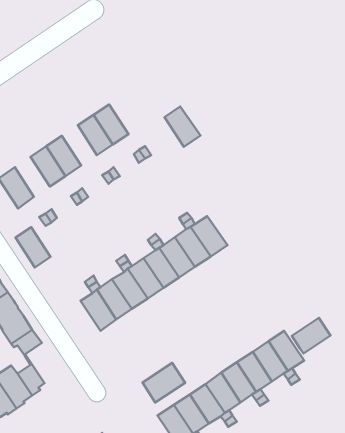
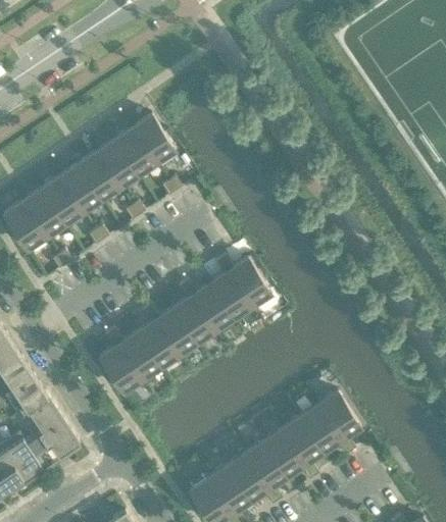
building: [165,107,200,147] -> [133,116,175,163]
building: none -> [78,153,118,200]
building: [15,227,50,267] -> [22,190,63,237]
building: [292,318,331,353] -> none
building: none -> [35,407,79,454]
building: [142,363,185,403] -> none

